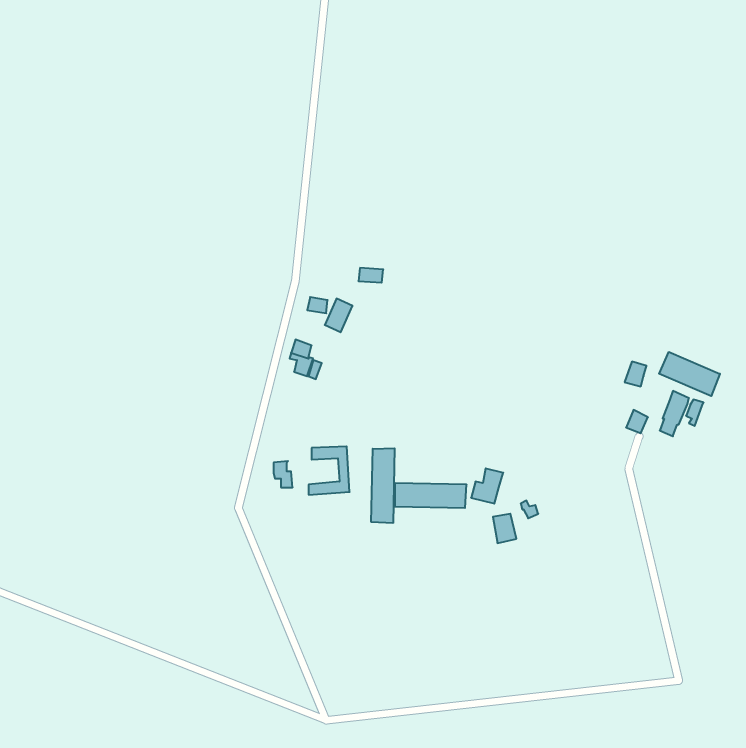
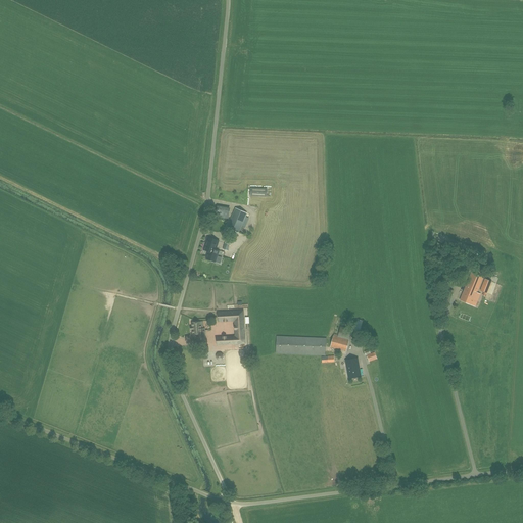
building: [659,352,720,396] -> none
building: [371,448,395,523] -> none

